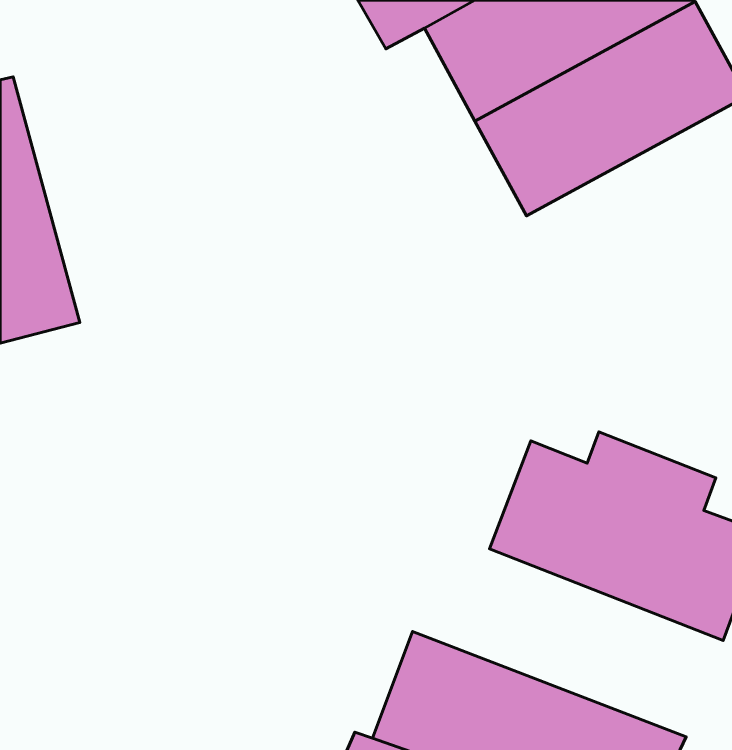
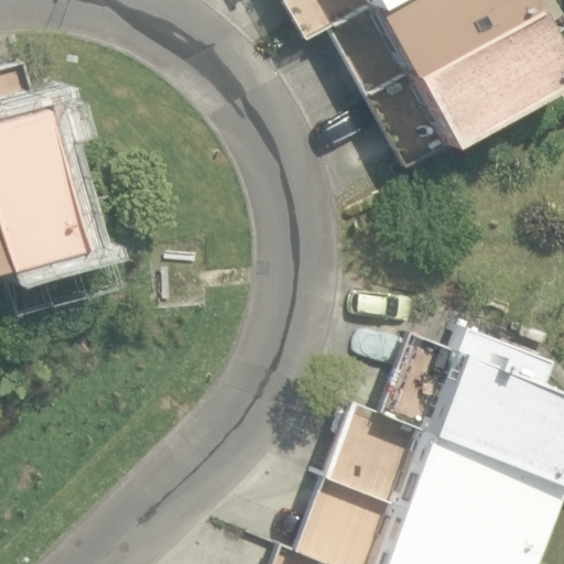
building: none -> [325,402,556,553]

